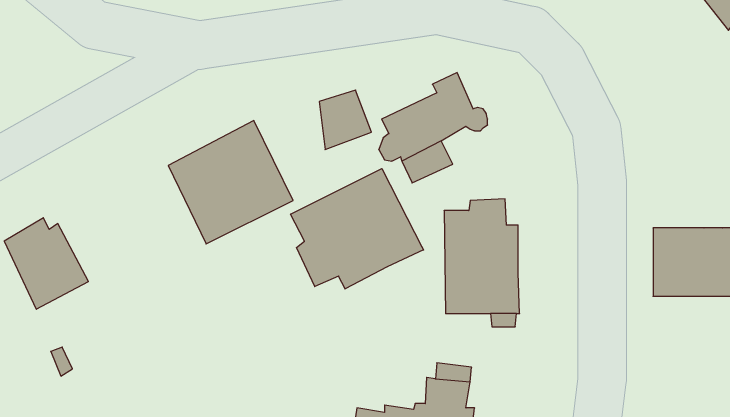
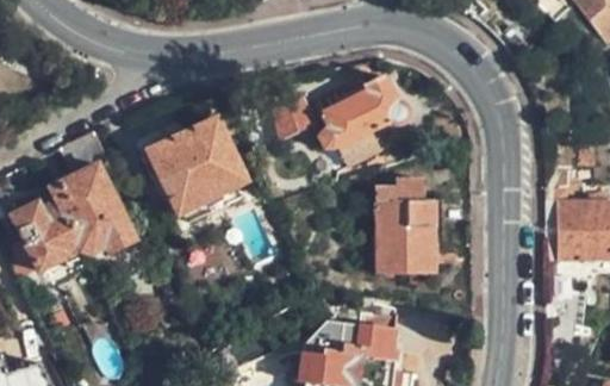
building: none -> [50,130,135,251]
building: [291,169,424,289] -> none

